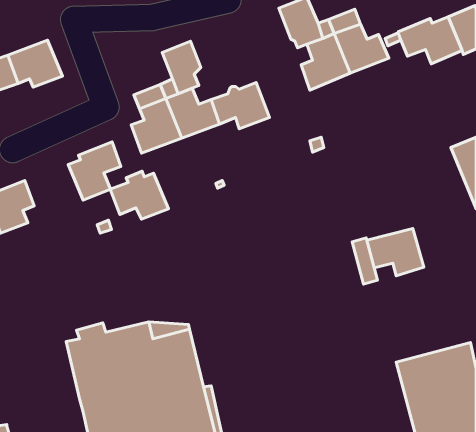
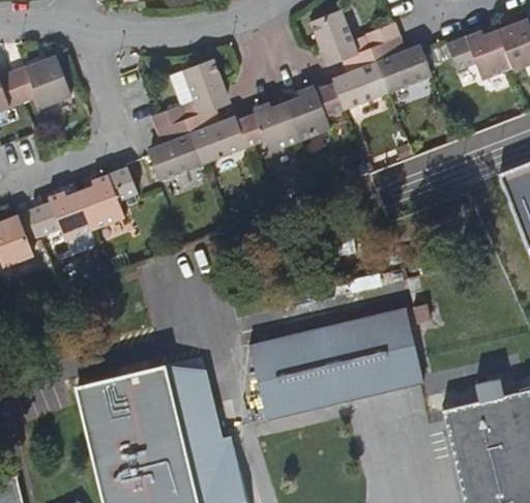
building: none -> [286,83,345,141]
building: [110,171,169,219] -> [31,190,95,243]
building: [367,228,424,276] -> none
building: none -> [247,306,414,436]

